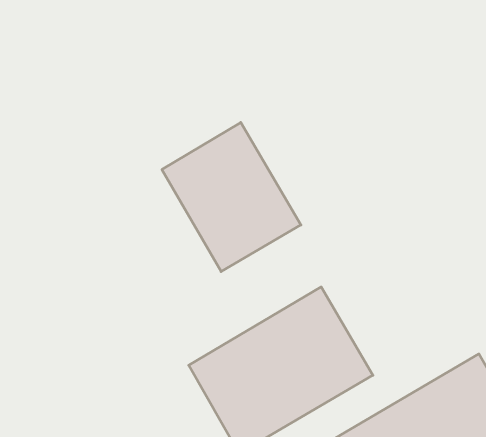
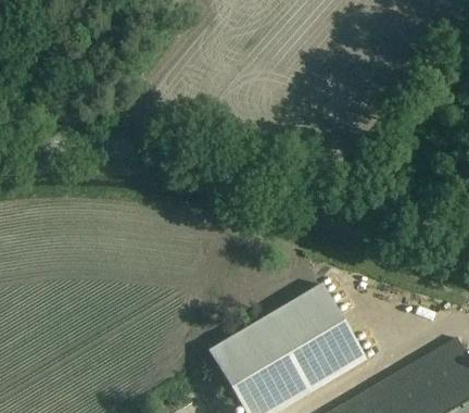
building: [162,122,301,272] -> none

